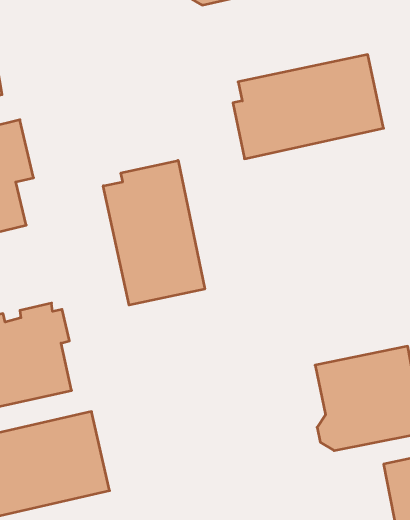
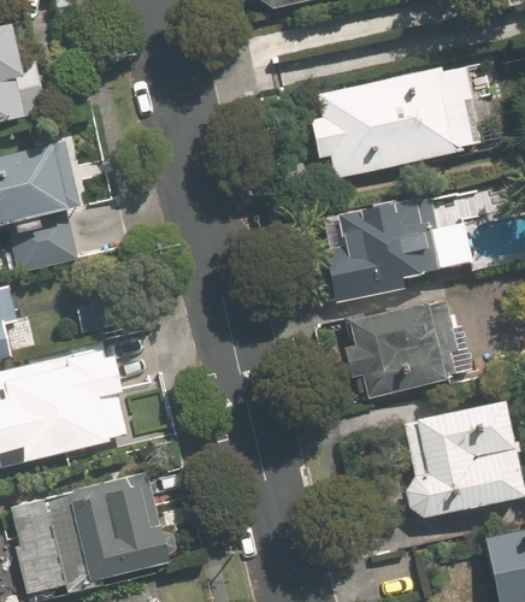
building: [103,160,205,305] -> none
building: none -> [315,193,442,302]
building: none -> [342,296,467,400]

